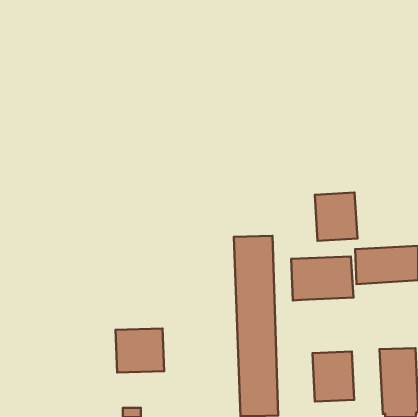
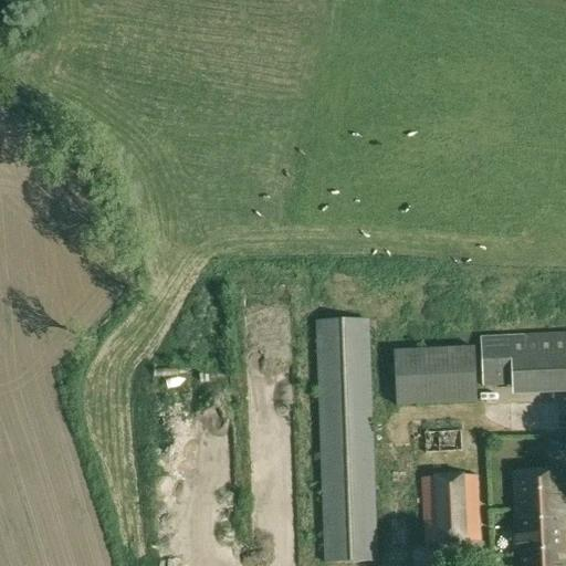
building: [315,193,357,241] -> none
building: [116,328,164,373] -> none

